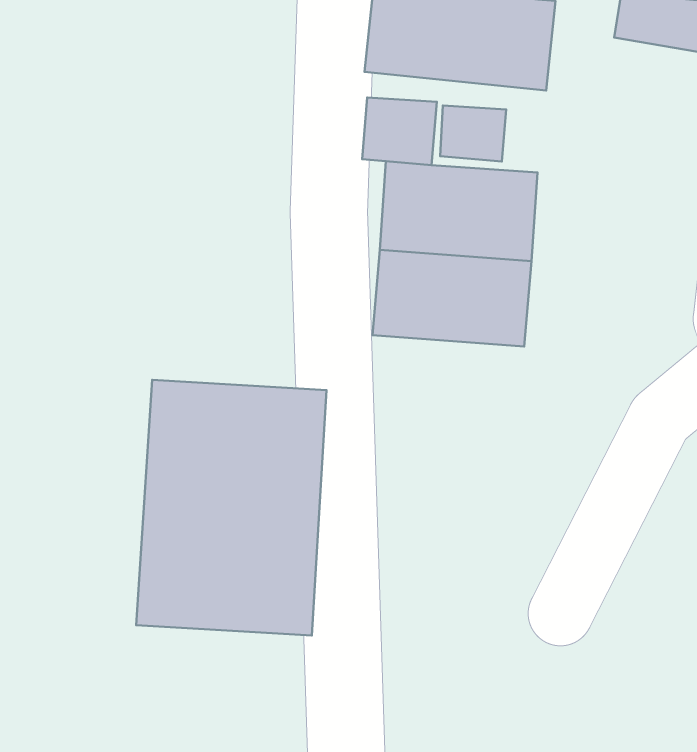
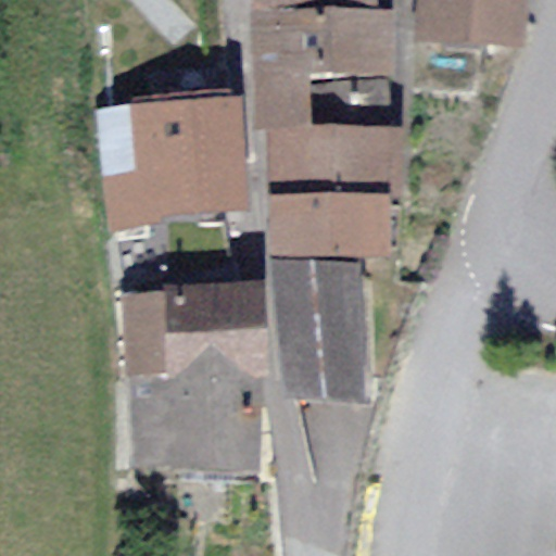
building: none -> [102,100,237,218]
building: none -> [270,270,358,395]

